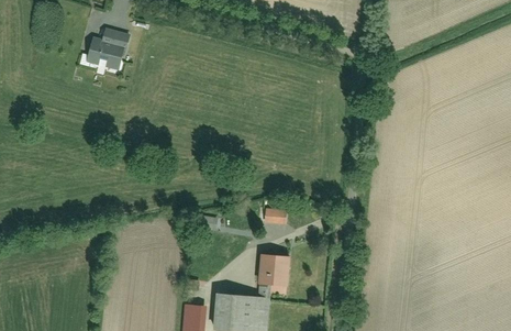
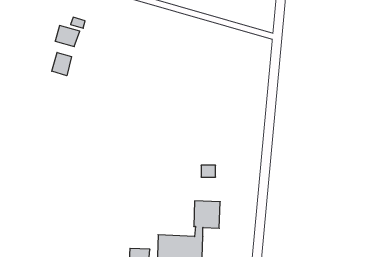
building: none -> [52,52,71,76]

